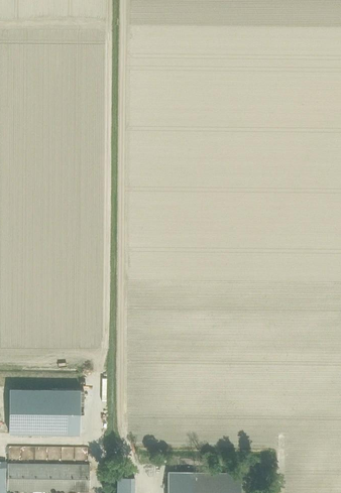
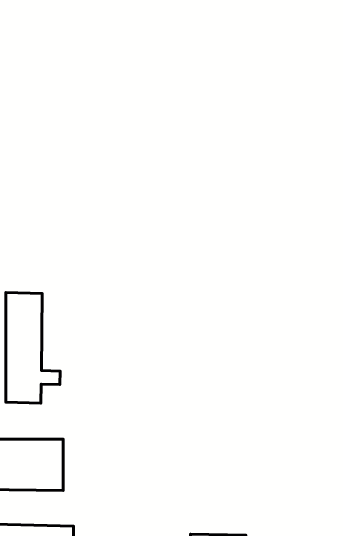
building: none -> [6,293,60,403]

